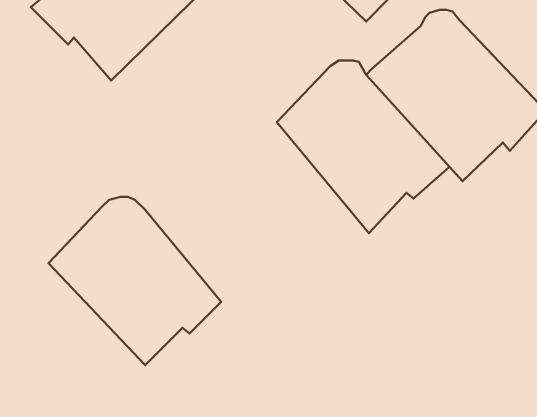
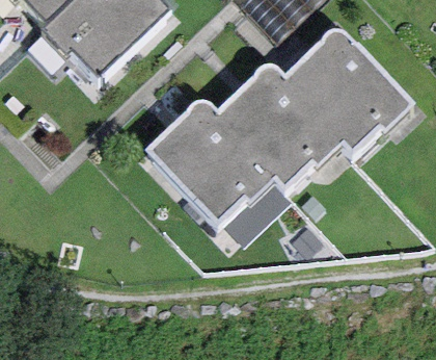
building: [49,197,221,365] -> [147,102,272,224]

